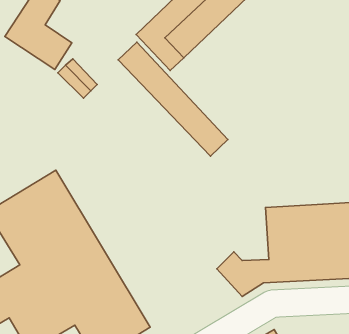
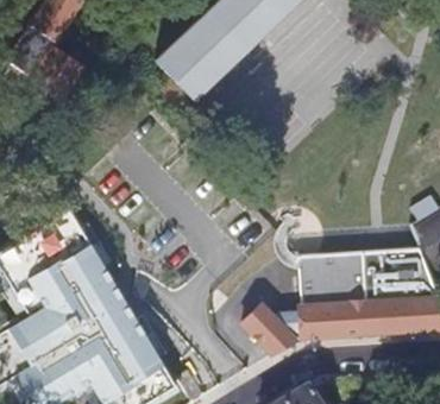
building: [118,42,228,156] -> none

